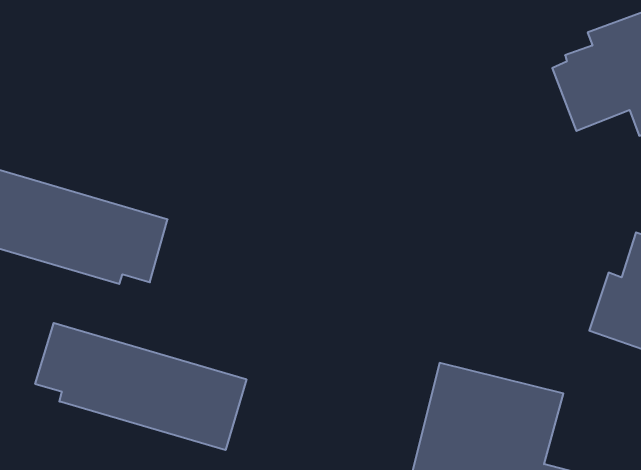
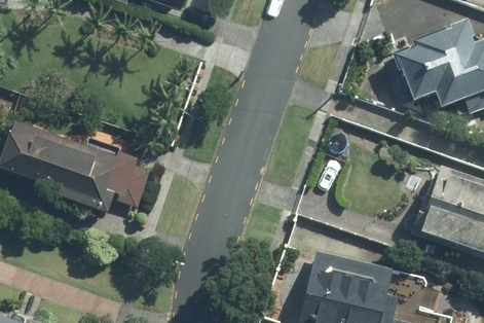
building: [35,323,246,450] -> none

